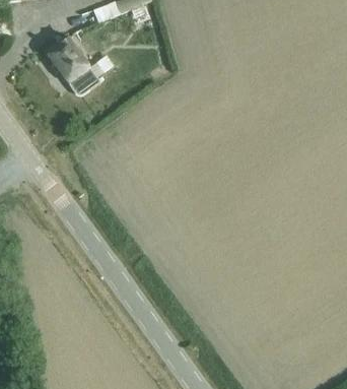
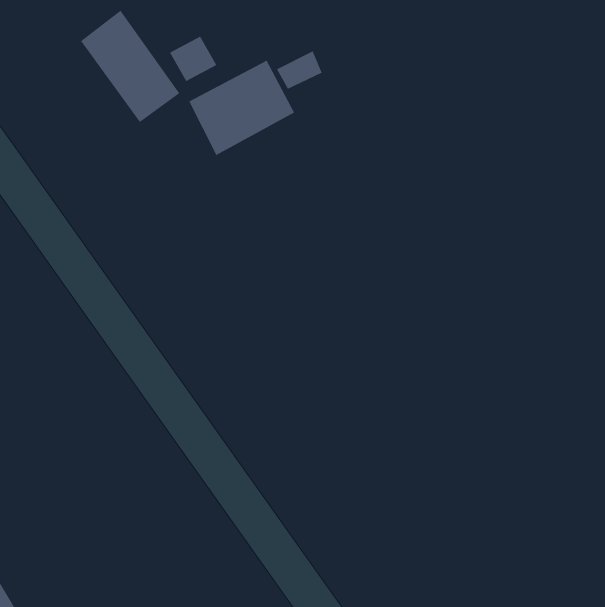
building: none -> [189,60,295,156]

